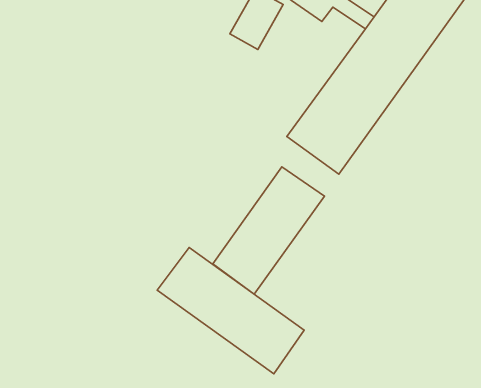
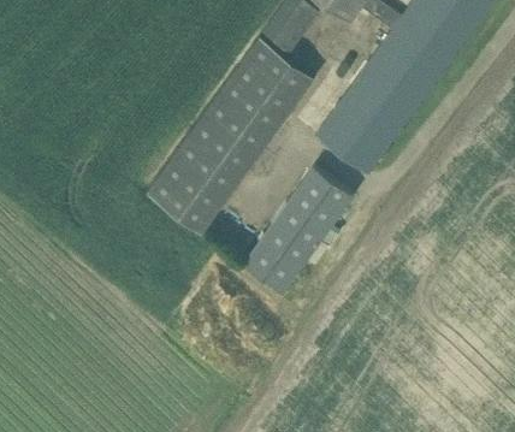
building: none -> [144,37,313,235]
building: [157,248,304,374] -> none

